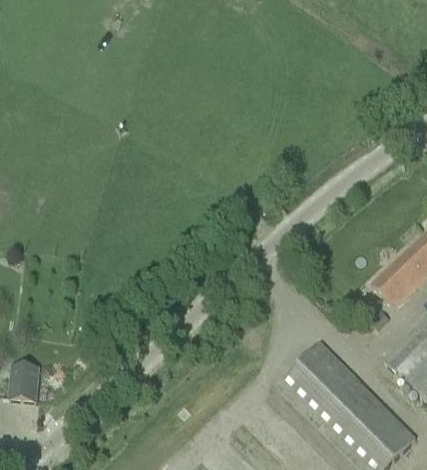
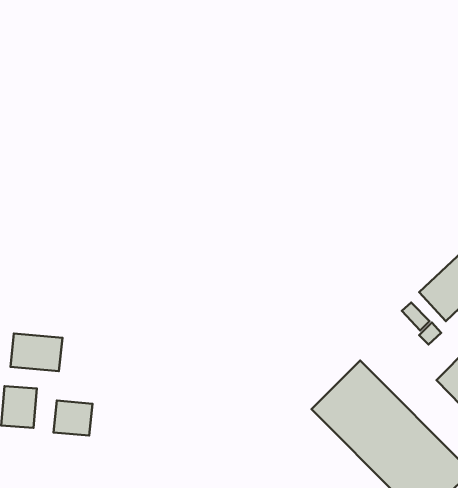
building: none -> [10,334,62,371]
building: none -> [54,401,93,436]

